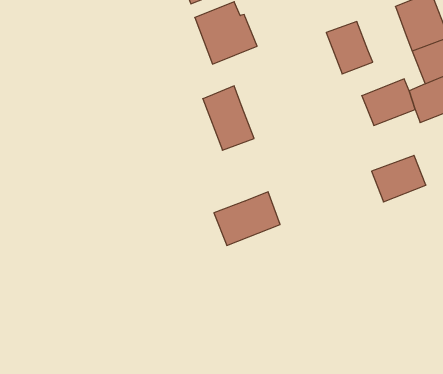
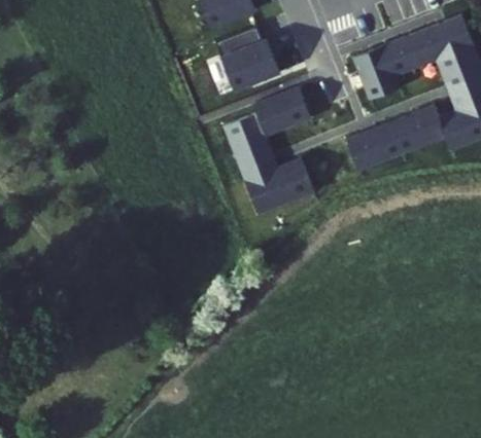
building: none -> [384,31,436,76]
building: none -> [253,87,311,136]
building: [372,155,426,202] -> [345,123,402,172]
building: [214,192,280,245] -> [244,158,313,214]

